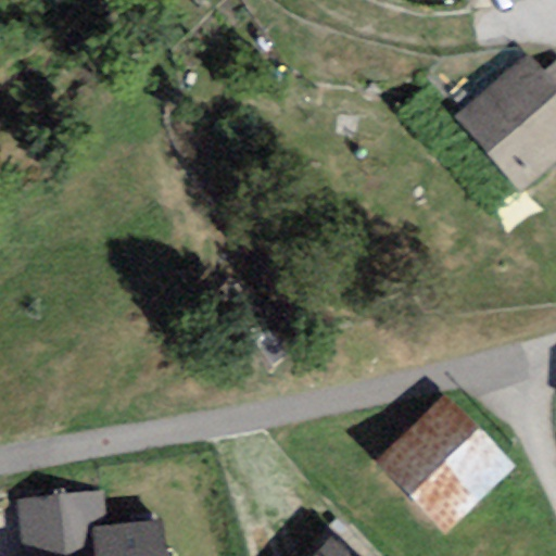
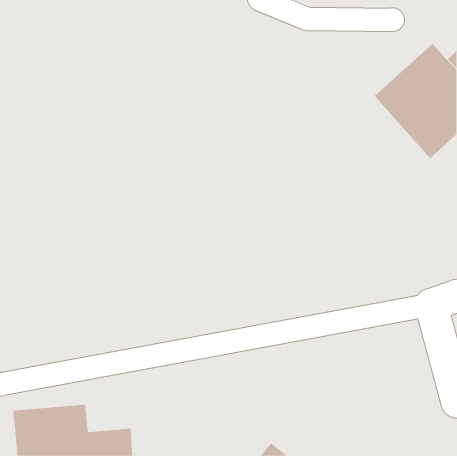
building: [376,394,514,531] -> none

